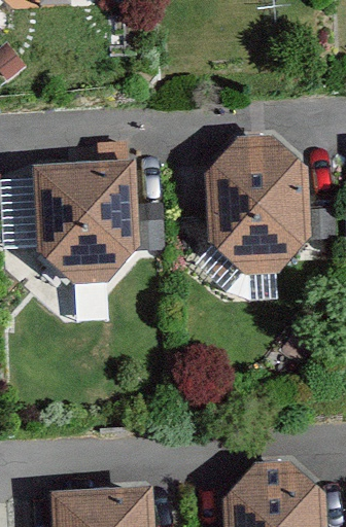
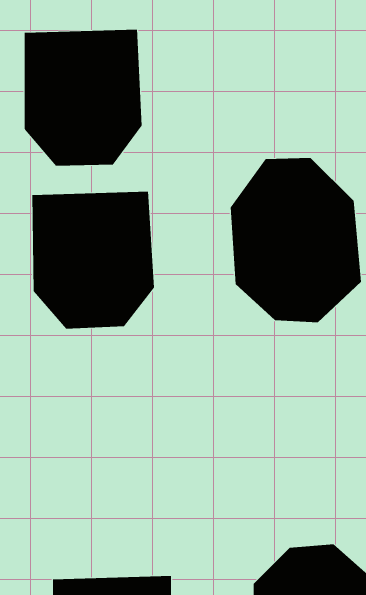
building: none -> [24,29,142,166]

